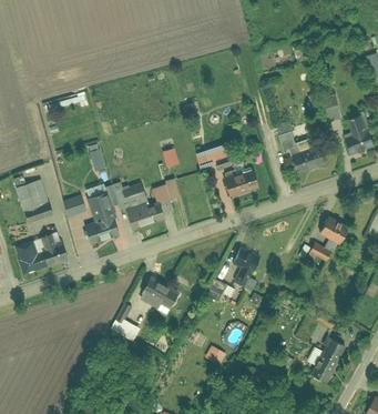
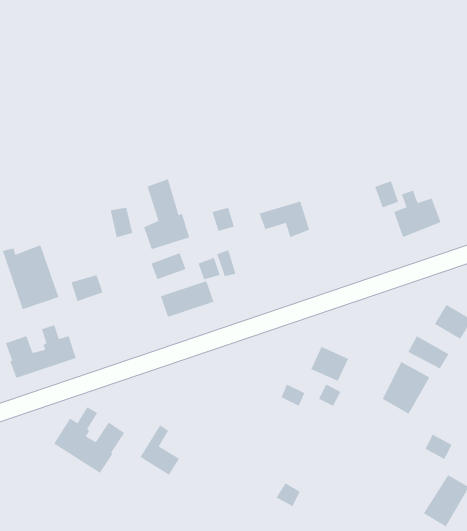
building: [223,170,258,196] -> none
building: [84,191,118,242] -> [143,178,190,250]
building: none -> [382,361,431,415]
building: [139,276,177,311] -> none
building: none -> [53,406,125,474]

